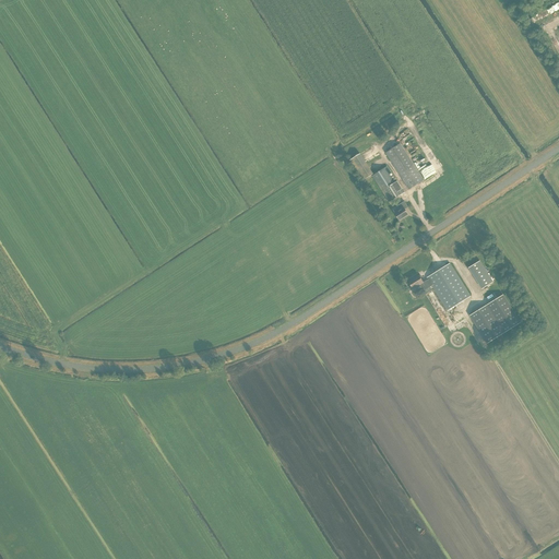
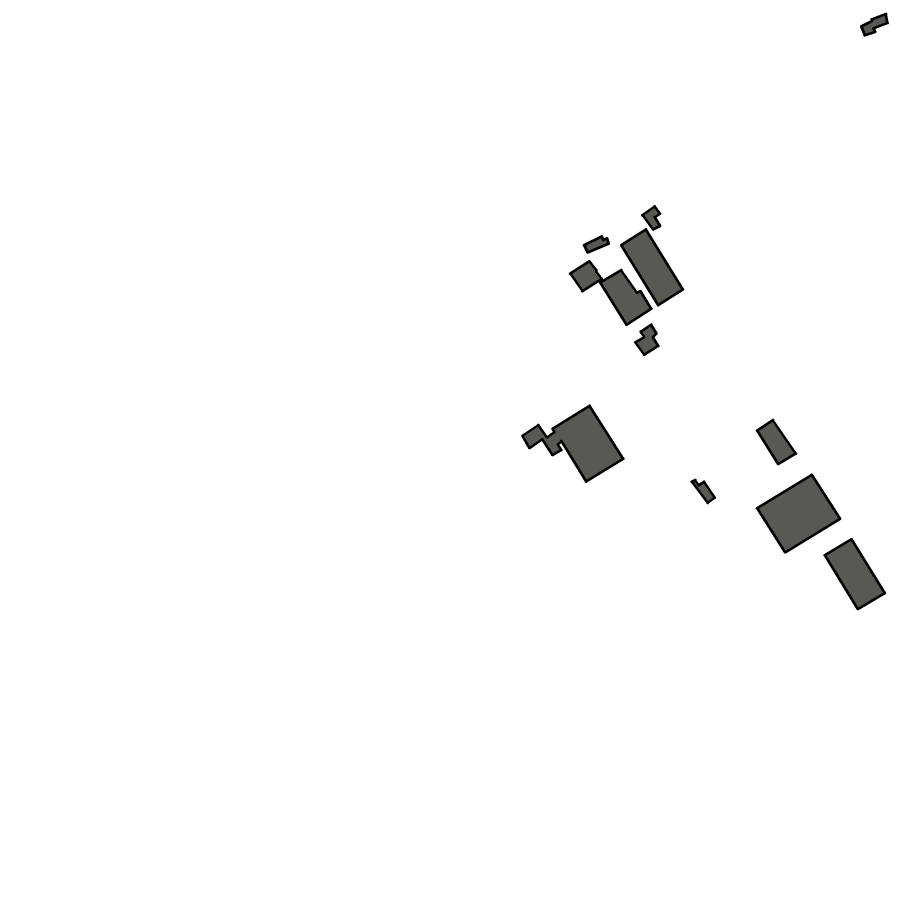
building: [407,262,469,309] -> [523,406,623,482]
building: none -> [825,539,885,609]

